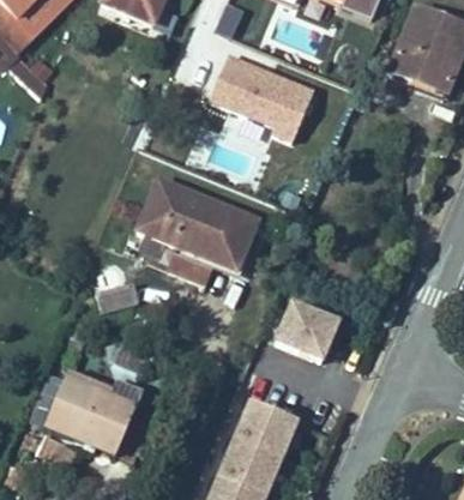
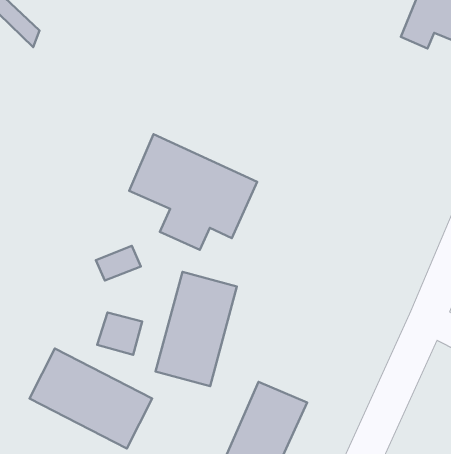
building: [207,58,317,150] -> none
building: none -> [156,272,237,386]
building: [279,306,342,363] -> none

